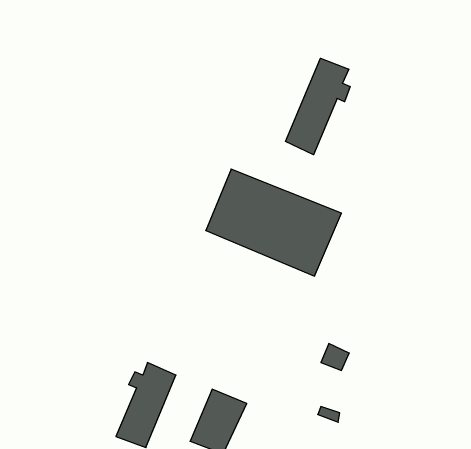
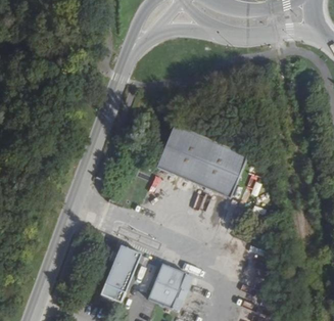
building: [285,58,350,155] -> none

